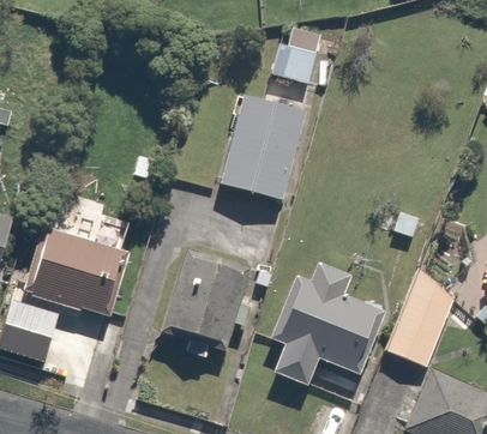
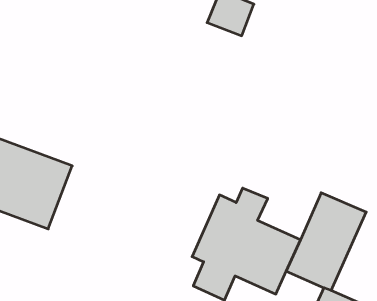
building: [216,100,305,206] -> none
building: [155,248,255,360] -> none

